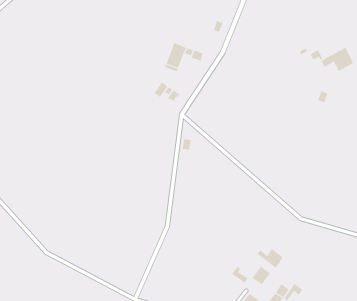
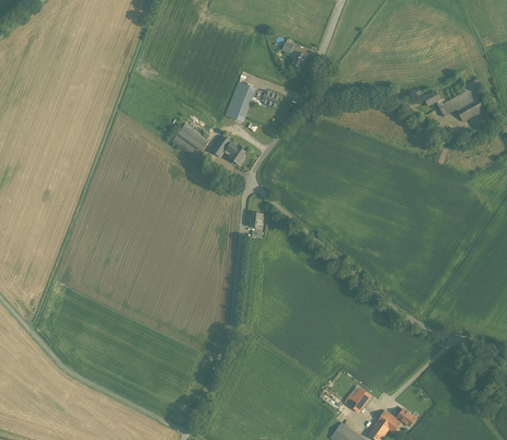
building: none -> [171,123,208,161]
building: [257,248,283,269] -> none

